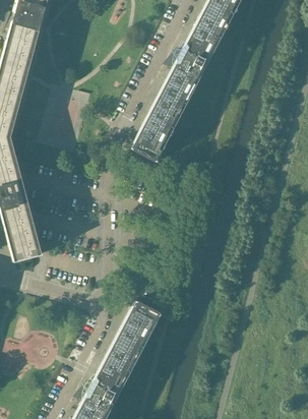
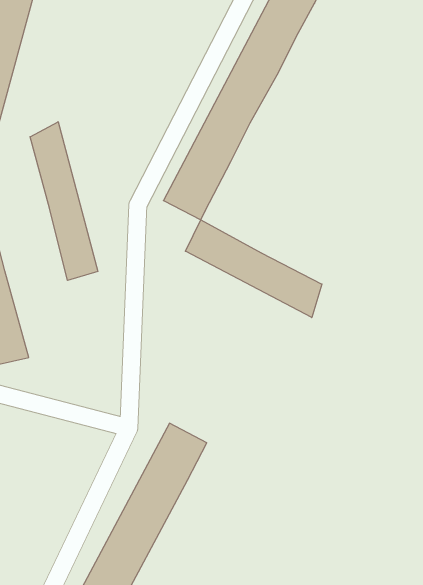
building: none -> [30,122,98,280]
building: none -> [185,220,322,318]

